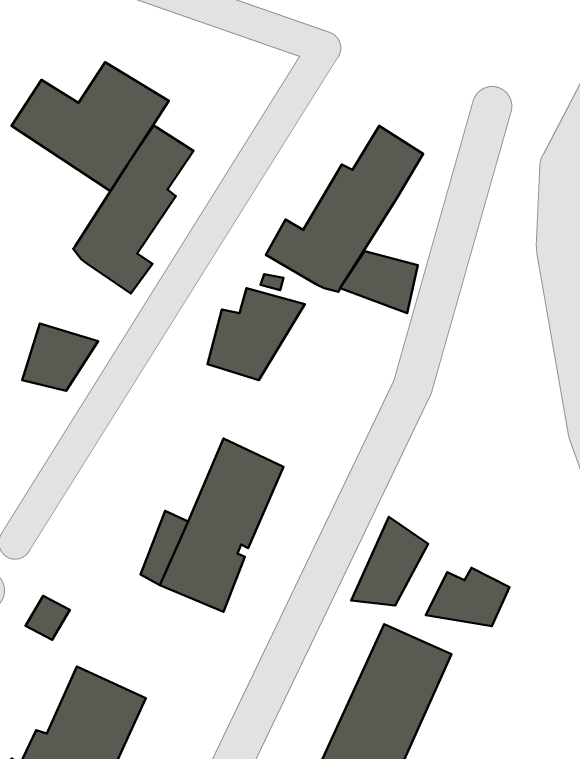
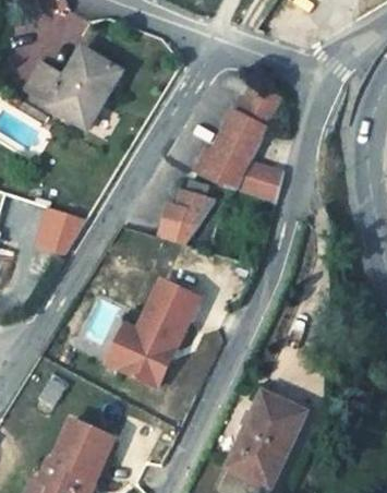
building: [73,126,194,294] -> none
building: [351,517,428,606] -> none
building: [426,568,509,626] -> none

